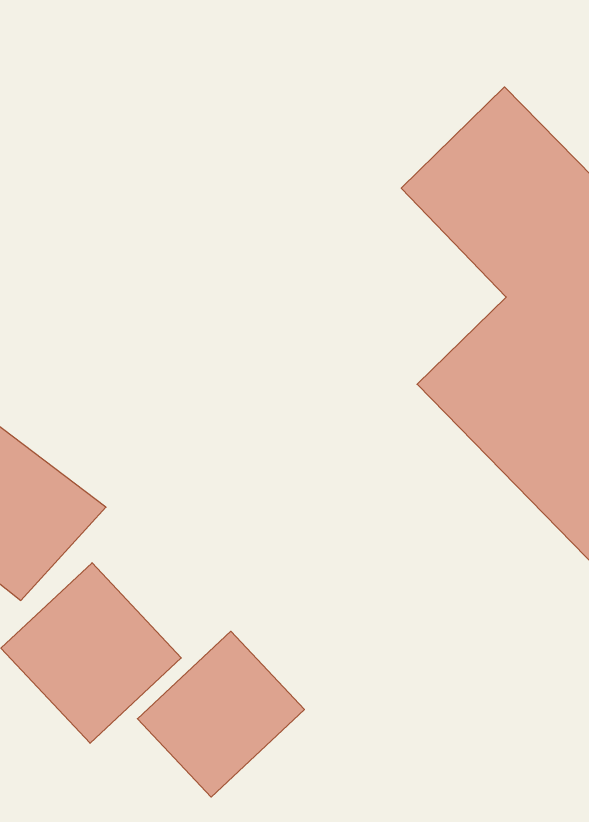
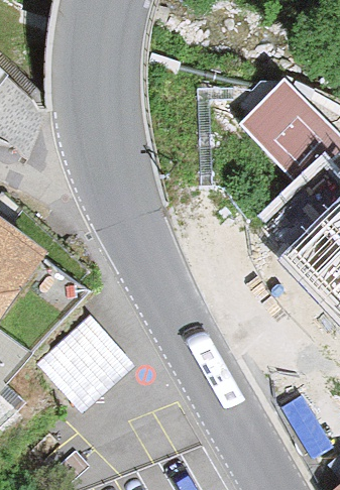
building: [137,631,304,797] -> none

